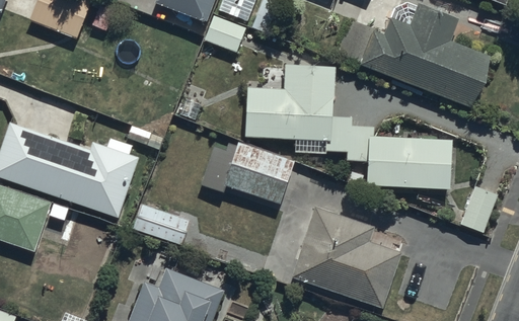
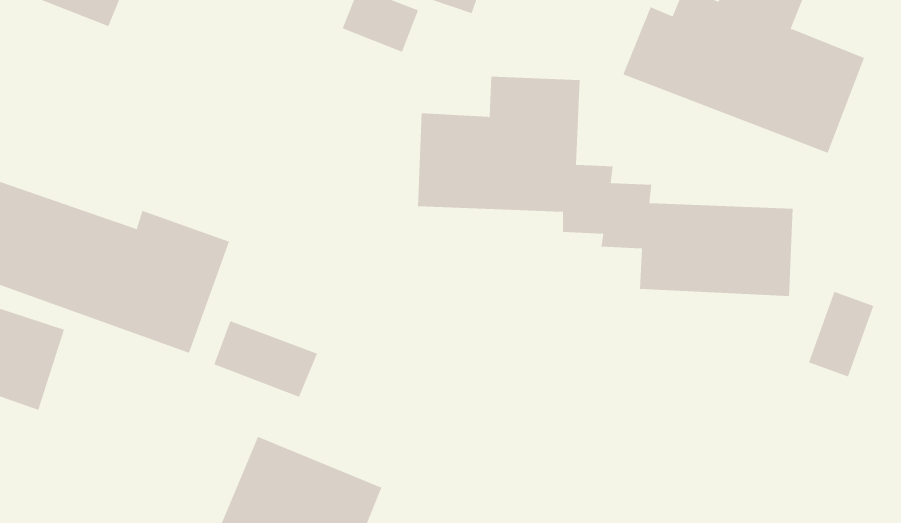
building: [205,141,296,208] -> none
building: [290,203,400,309] -> none

